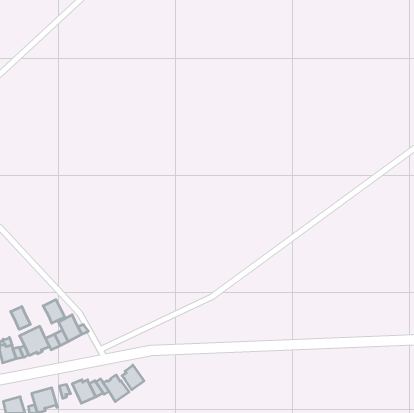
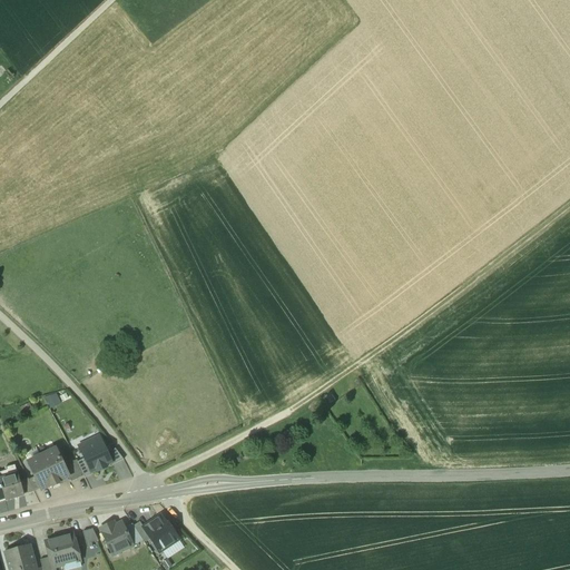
building: [43,300,65,323] -> none
building: [11,306,30,329] -> none
building: [122,365,144,390] -> none

